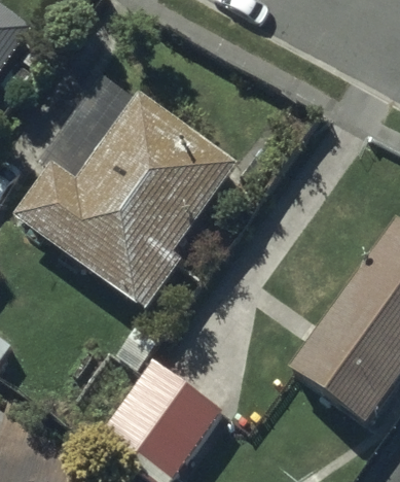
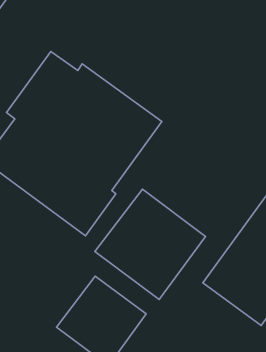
building: none -> [95,189,205,300]

